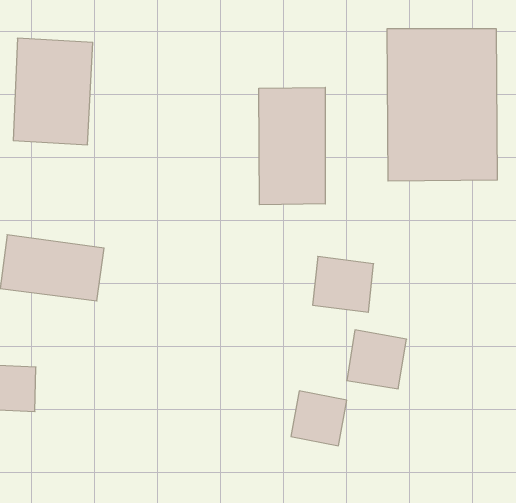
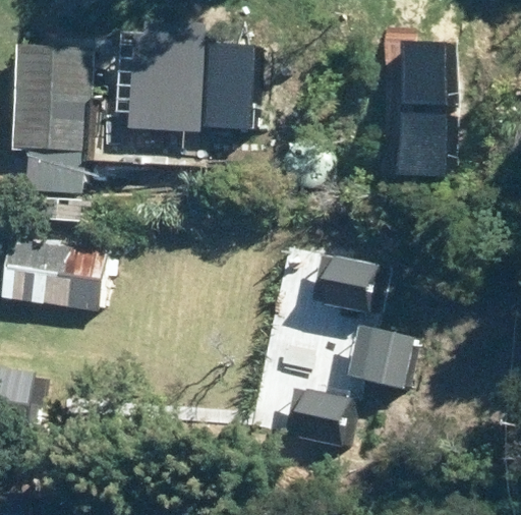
building: none -> [118,33,244,136]
building: [259,87,325,205] -> none

